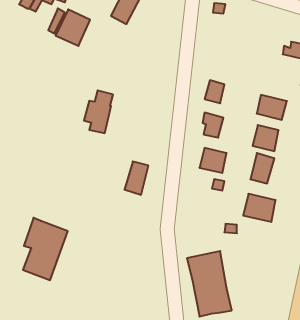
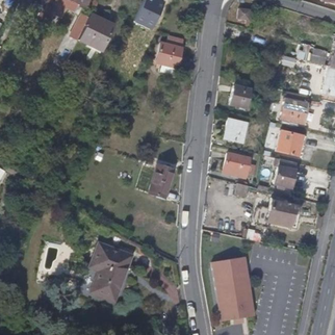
building: [84,90,113,133] -> [155,33,184,76]
building: [23,218,68,280] -> [87,238,132,301]

